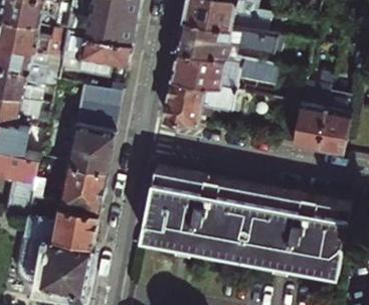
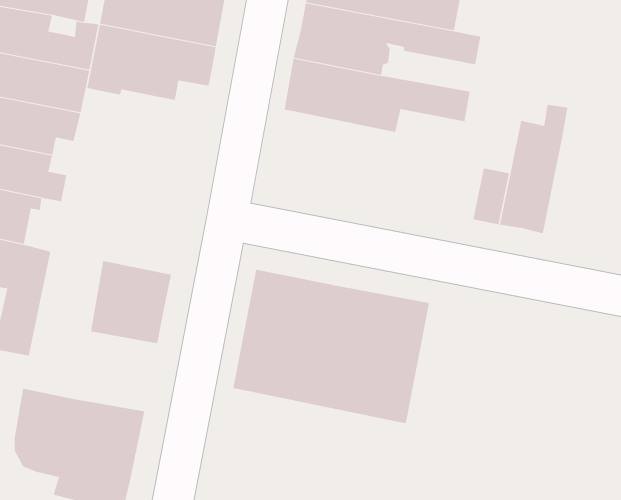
building: [162,81,235,127] -> none
building: [67,89,122,174] -> none
building: [317,97,353,156] -> none
building: [239,190,352,278] -> none
building: [22,208,99,249] -> none

